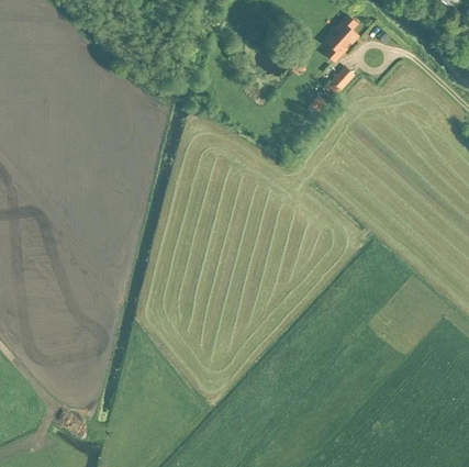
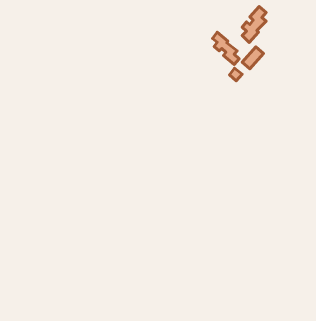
building: none -> [213,32,239,64]

